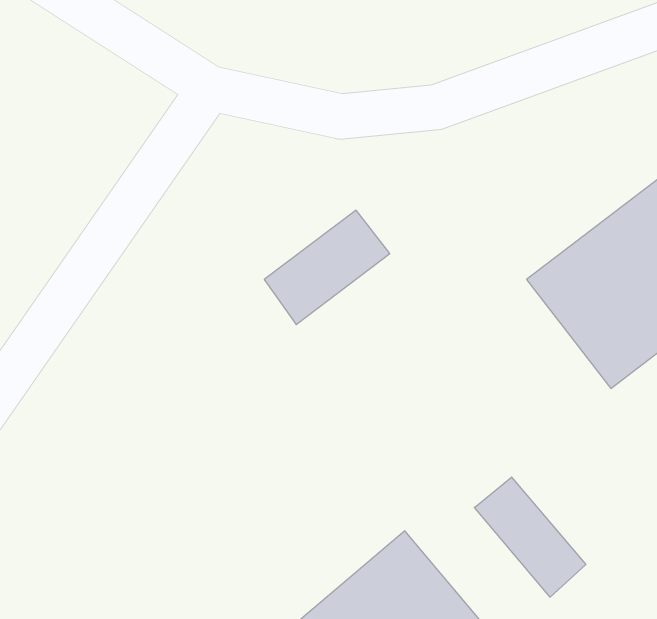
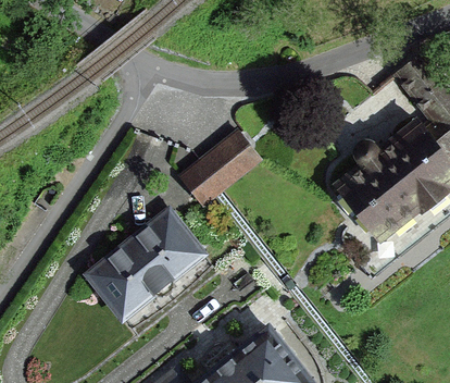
building: none -> [84,209,205,322]
building: [474,477,586,597] -> none

